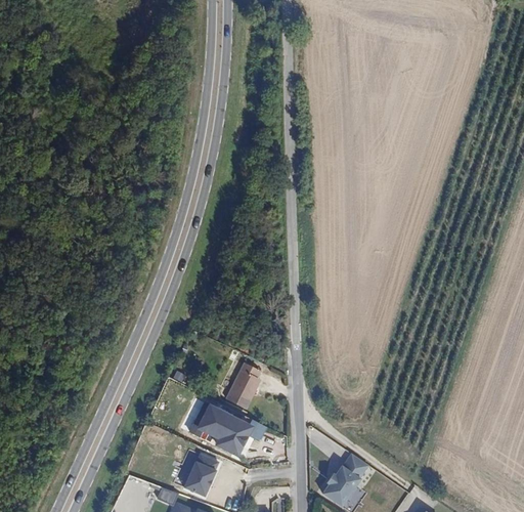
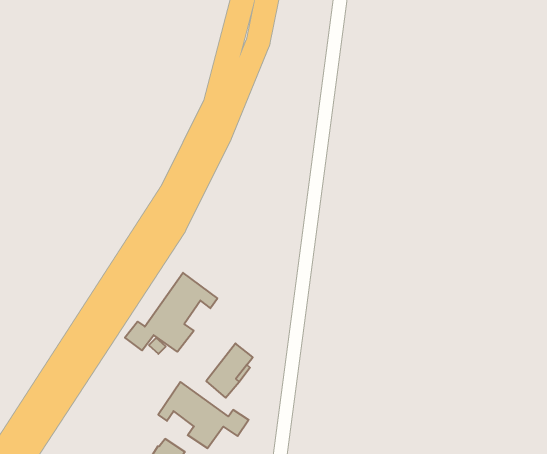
building: none -> [125,273,217,352]

